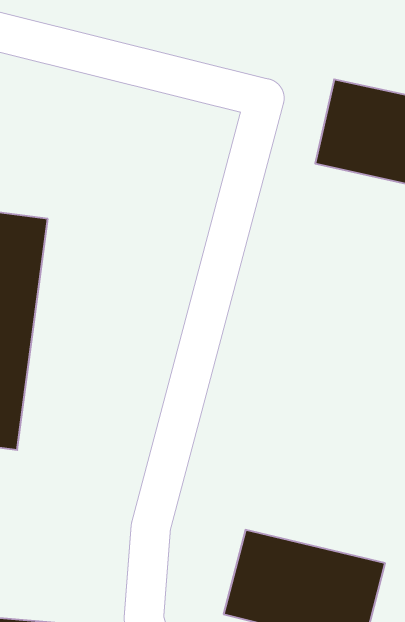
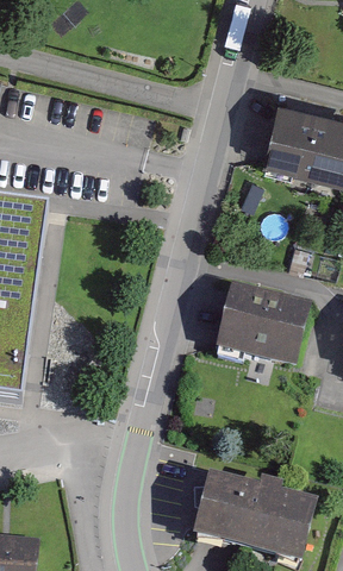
building: none -> [207,276,306,362]

